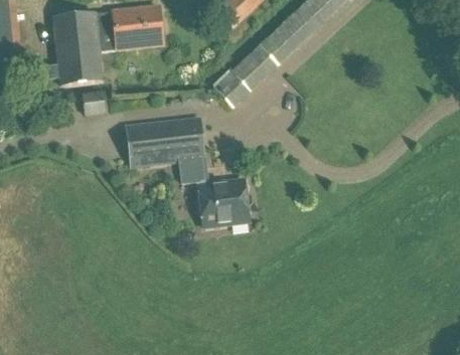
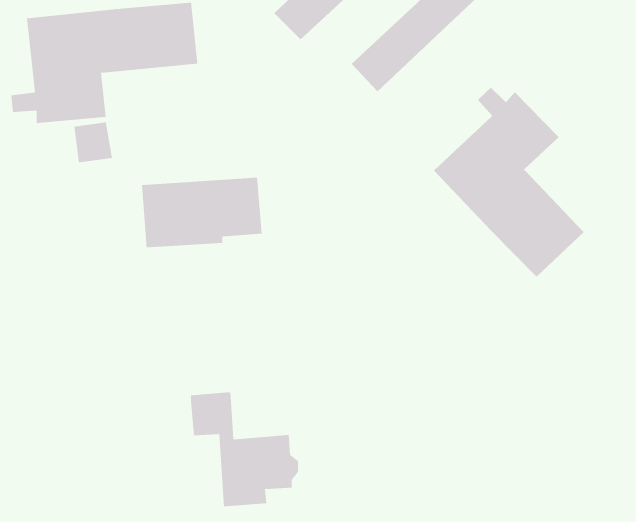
building: [215,56,266,106] -> none
building: none -> [433,87,585,278]
building: [179,154,249,227] -> [190,392,299,507]

